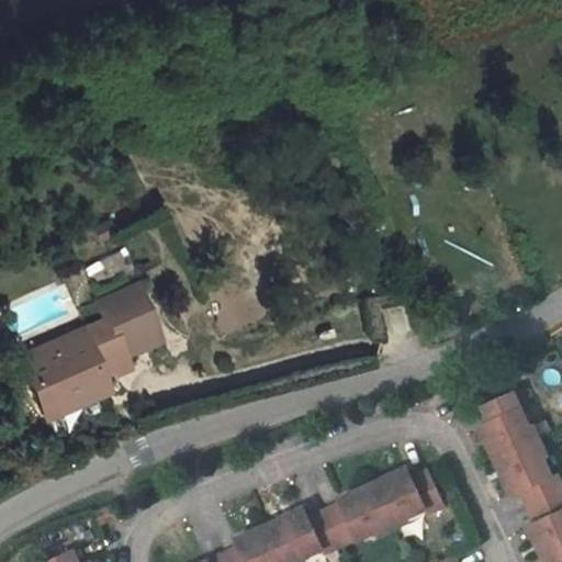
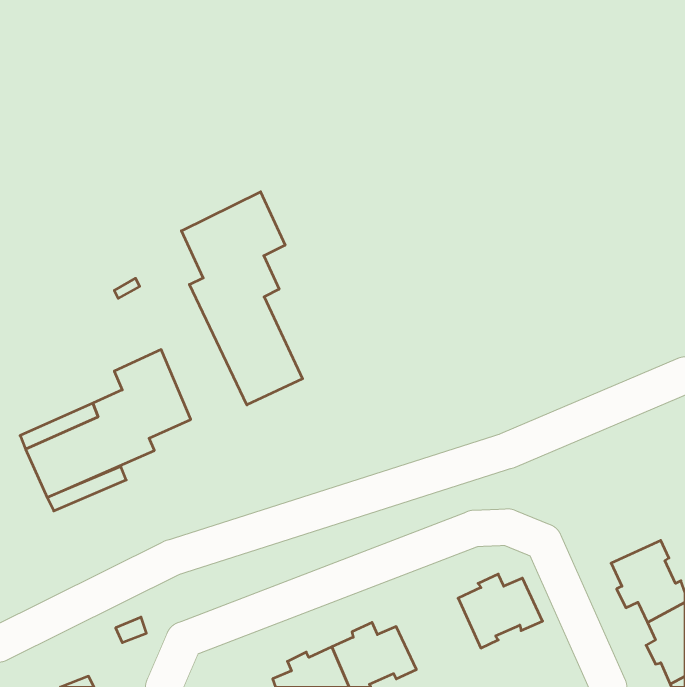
building: none -> [181,192,303,405]
building: [480,391,540,460] -> none
building: [324,488,393,547] -> none

